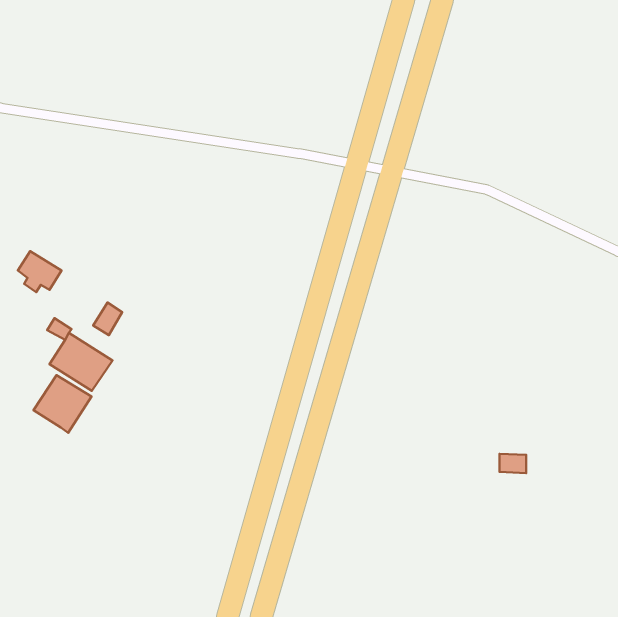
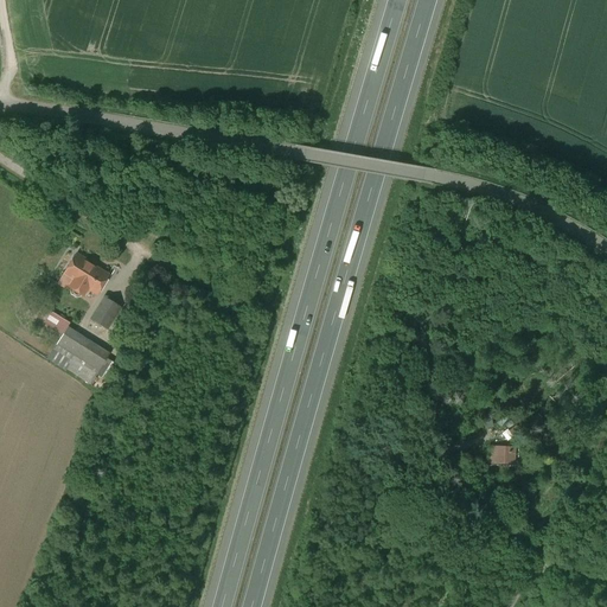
building: [18,251,62,292] -> [65,255,108,295]
building: [34,375,91,433] -> none

